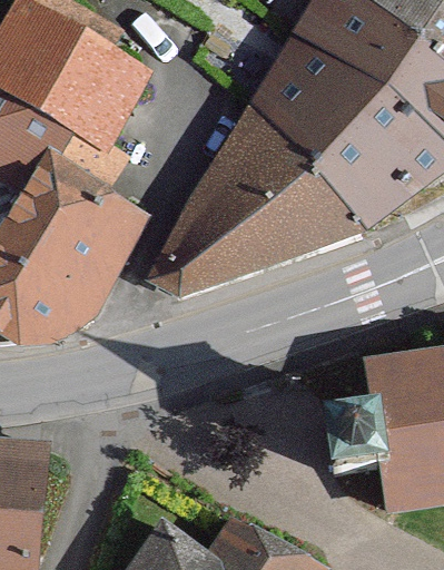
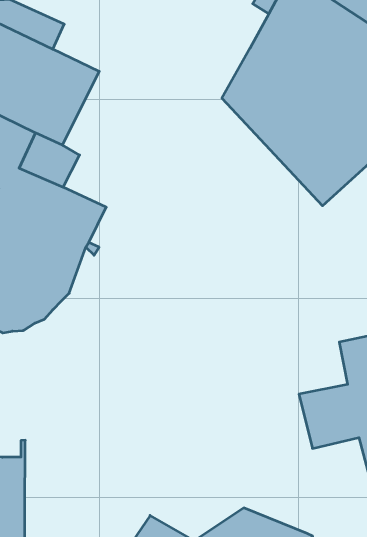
building: [155,115,357,289] -> none

